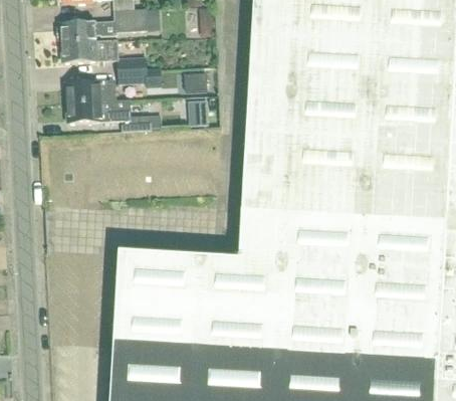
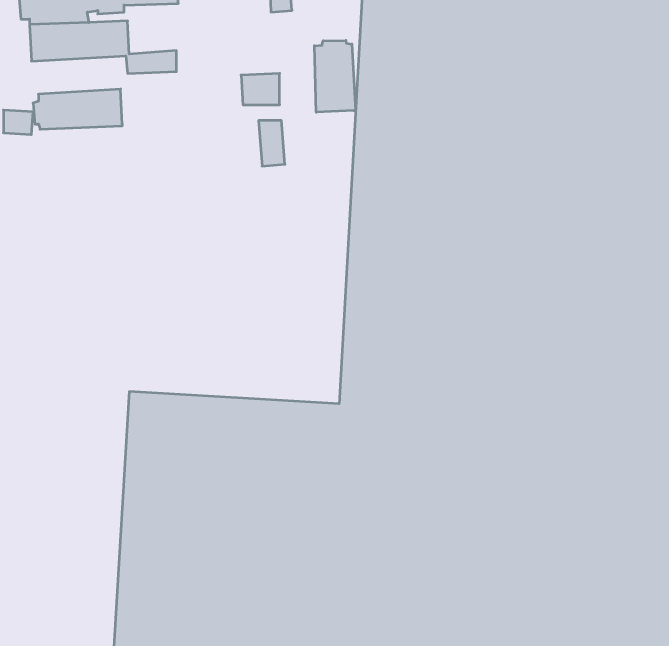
building: none -> [314,40,356,112]
building: [118,69,161,86] -> none
building: [65,98,157,130] -> none

